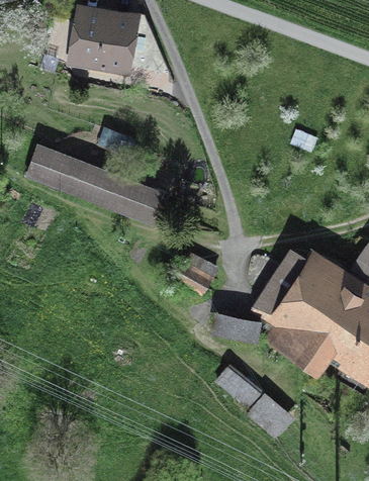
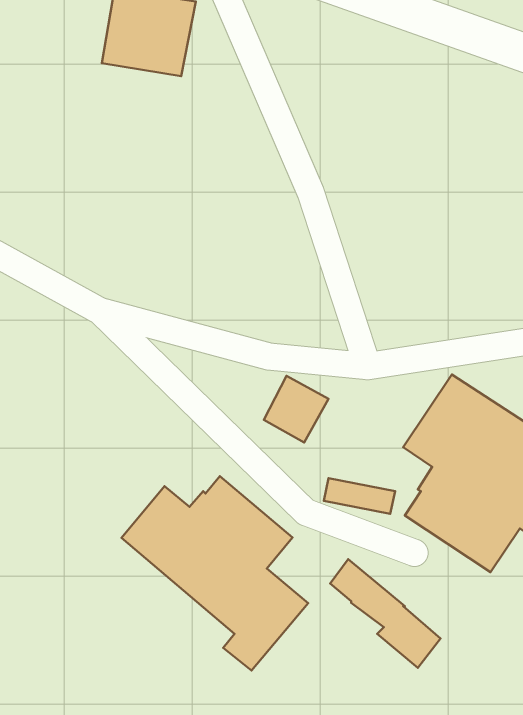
building: [27,147,168,225] -> none
building: none -> [122,476,308,671]

